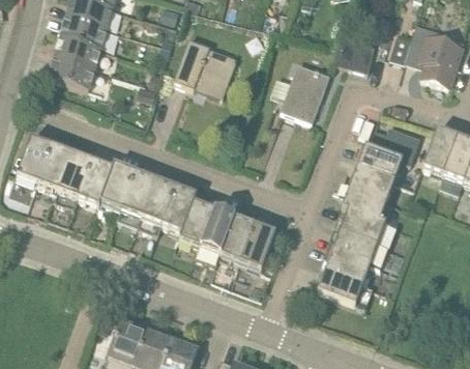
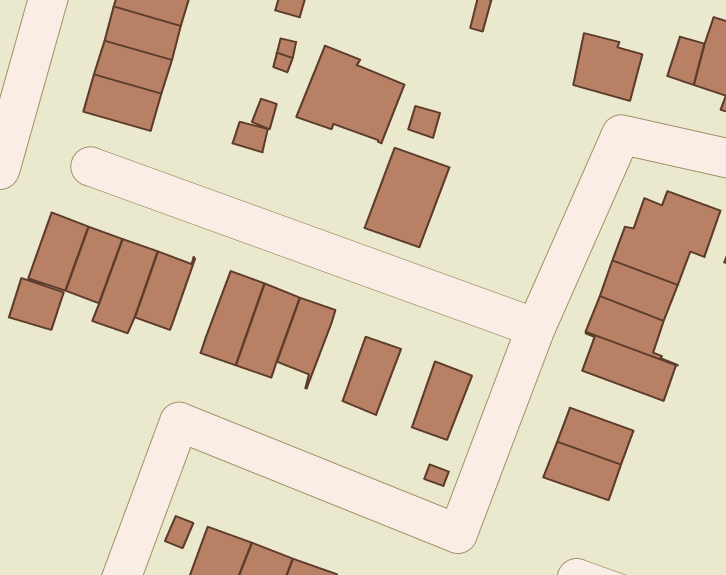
building: [281,62,330,120] -> [364,148,450,247]
building: [101,163,136,208] -> none
building: [180,200,214,246] -> none
building: [221,216,255,261] -> none
building: [333,228,388,266] -> none

